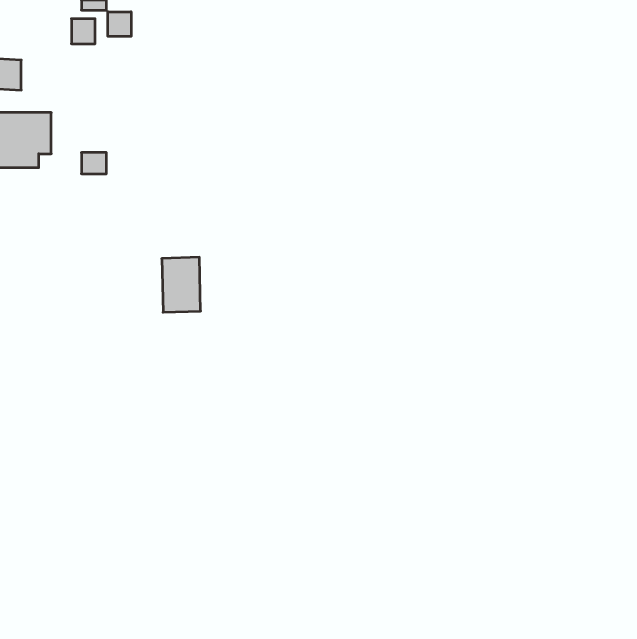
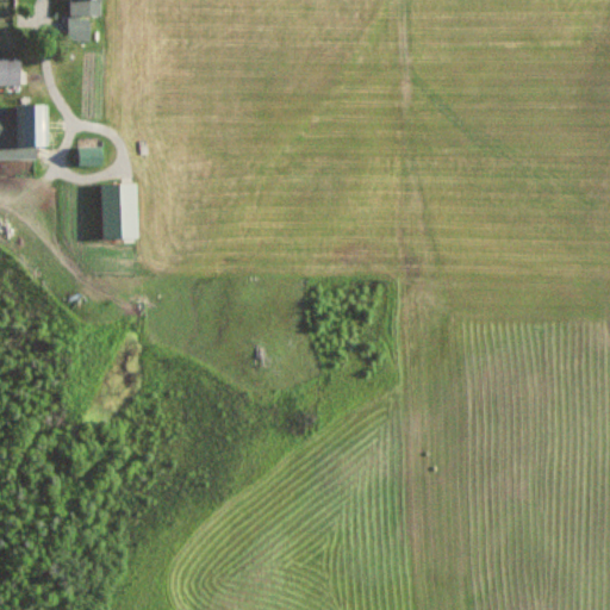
building: [108,12,131,36] -> none
building: [162,257,201,312] -> [100,183,137,236]

